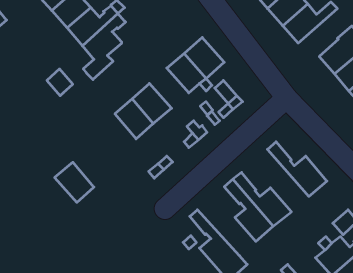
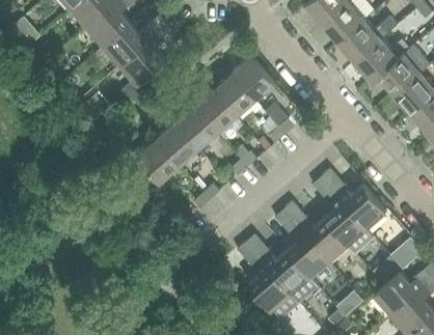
building: none -> [355,38,408,82]
building: none -> [194,89,237,133]
building: none -> [313,177,375,254]
building: [55,162,94,202] -> [137,139,180,183]
building: none -> [246,234,318,302]

